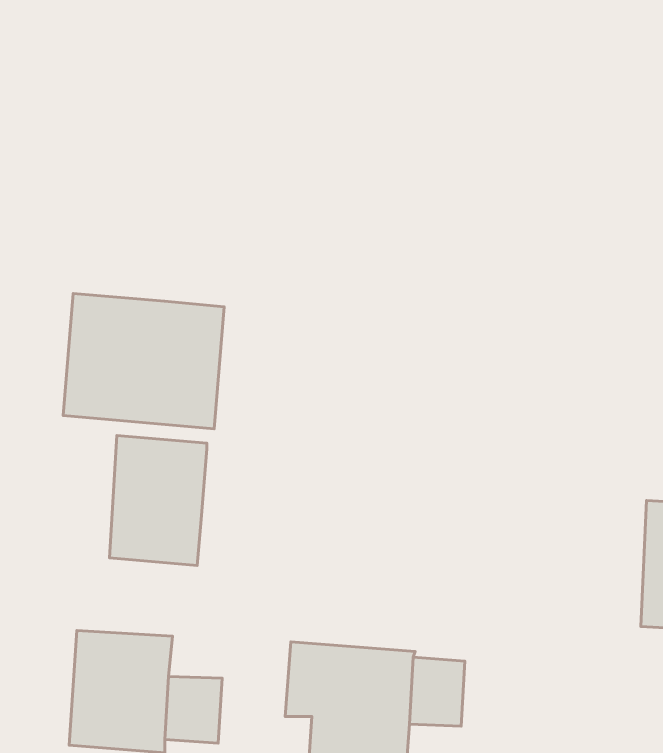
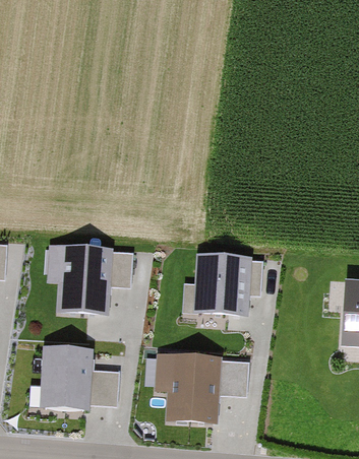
building: [63,293,224,429] -> none
building: none -> [108,251,133,290]
building: none -> [192,252,250,315]

